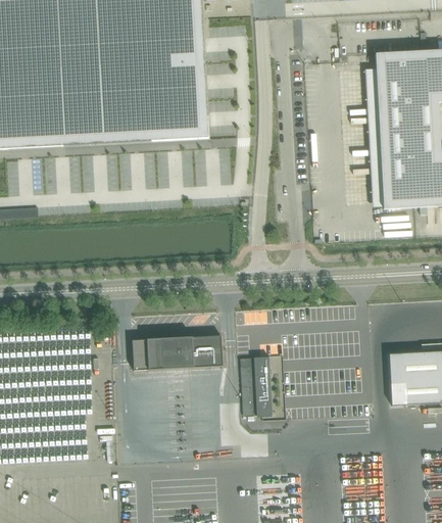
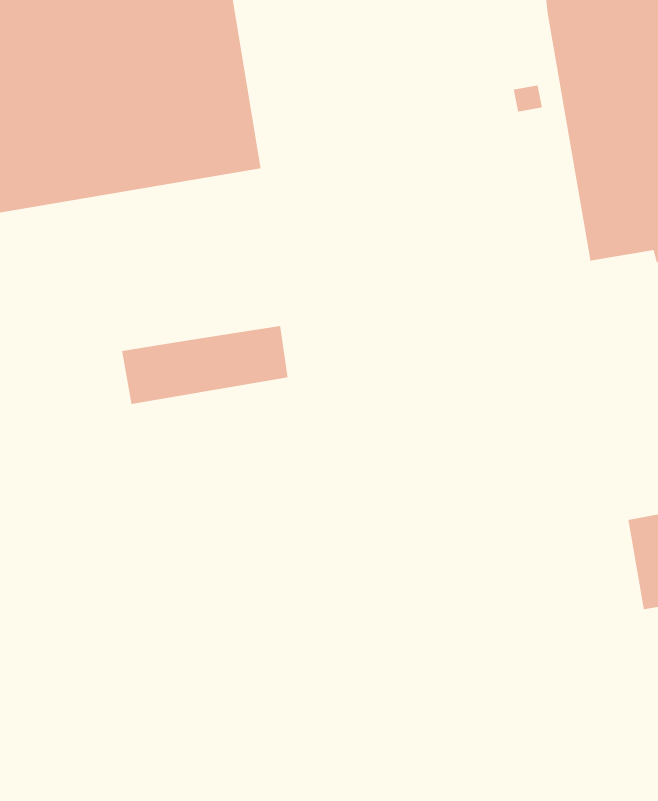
building: [131,335,222,370] -> [121,325,289,405]
building: [240,363,272,415] -> none

